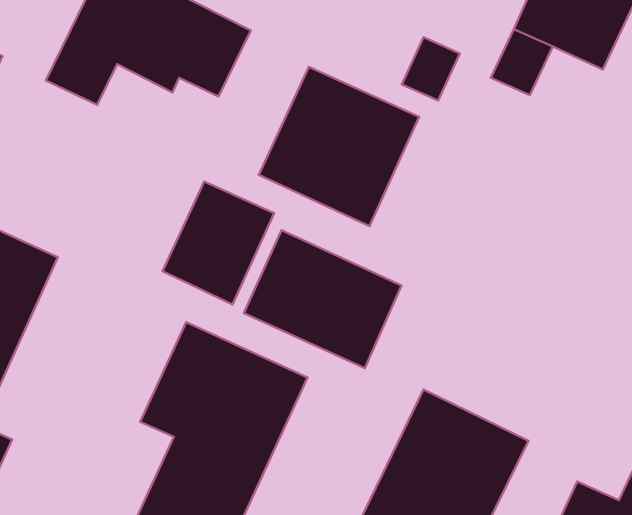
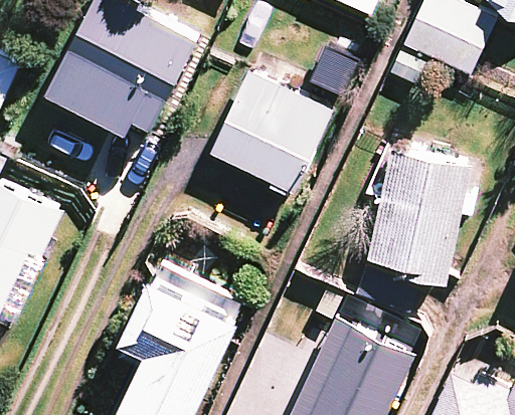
building: none -> [357,149,481,313]
building: [163,182,274,304] -> none
building: [244,230,402,368] -> none

